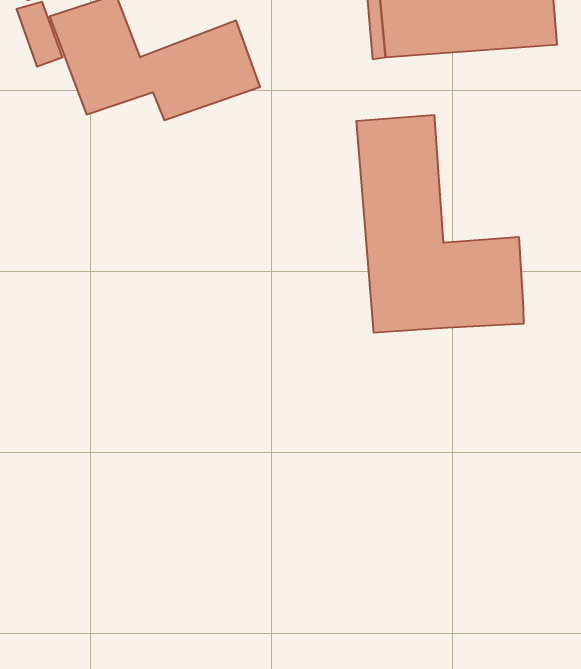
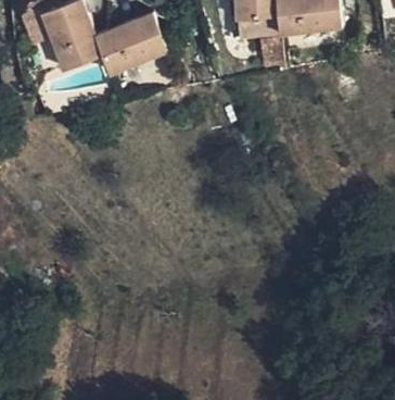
building: [356,115,524,333] -> none

